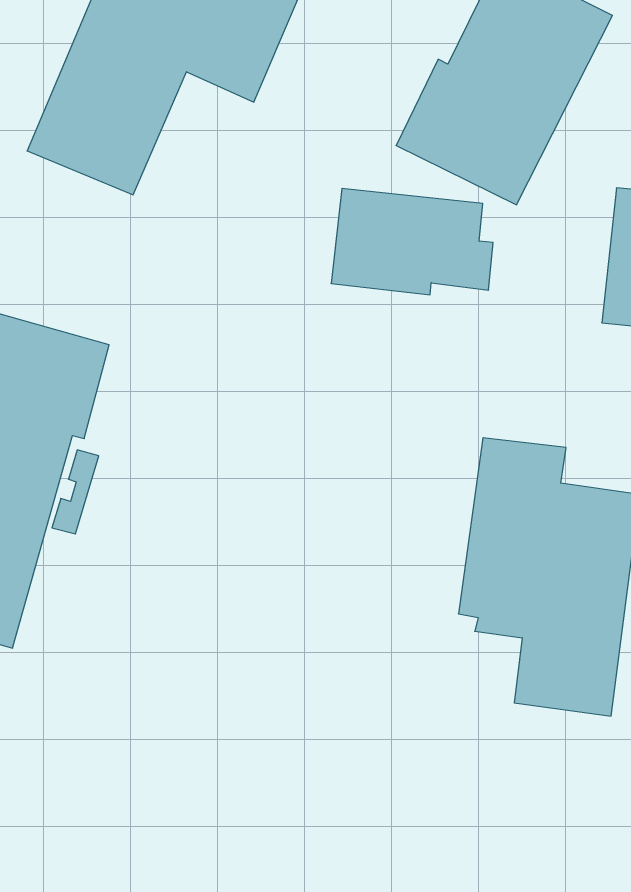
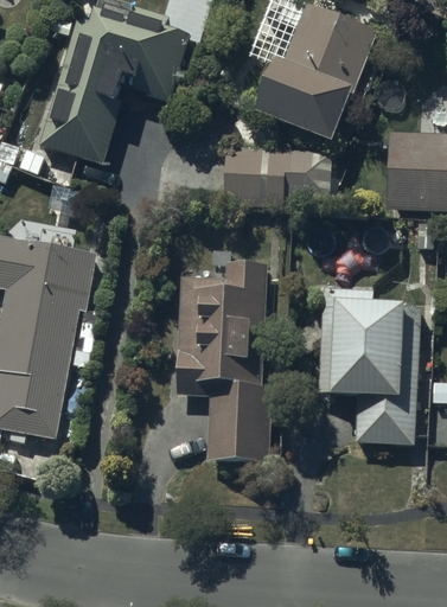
building: none -> [175,262,270,462]

